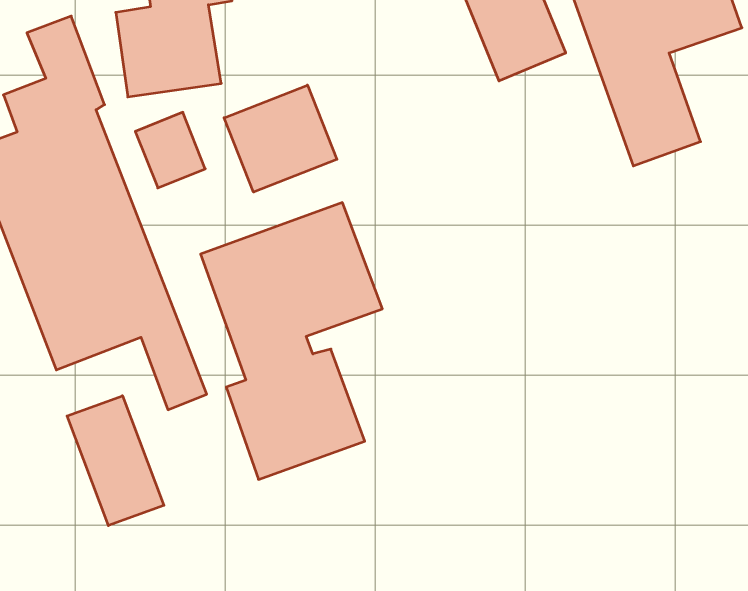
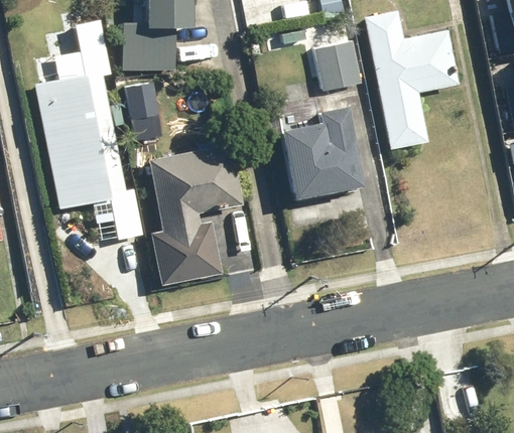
building: [224,85,337,192] -> none
building: none -> [277,98,363,199]
building: [67,396,164,526] -> none

